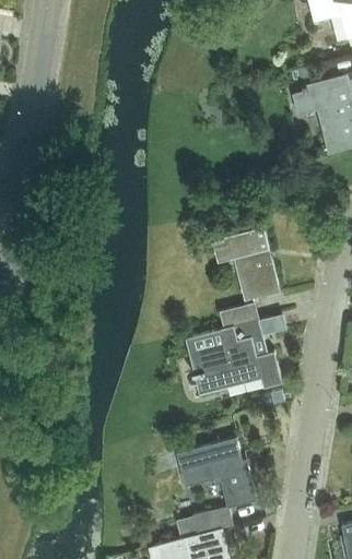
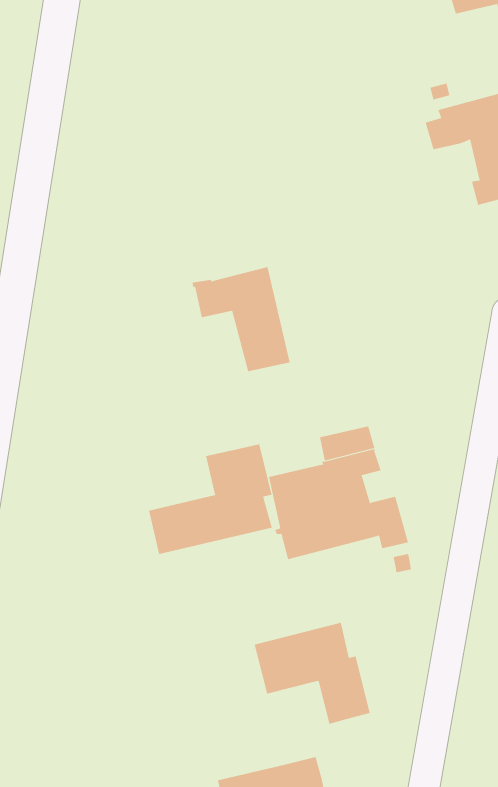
building: [211,227,279,299] -> [191,267,290,372]
building: none -> [149,443,272,555]
building: [193,508,233,535] -> none

